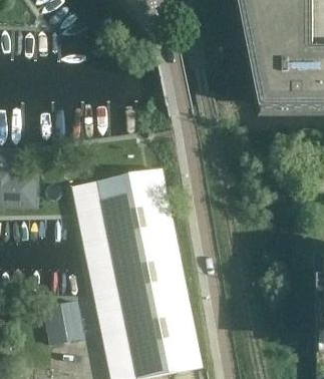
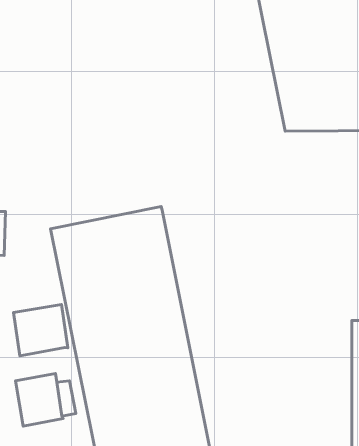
building: none -> [14,305,68,356]

